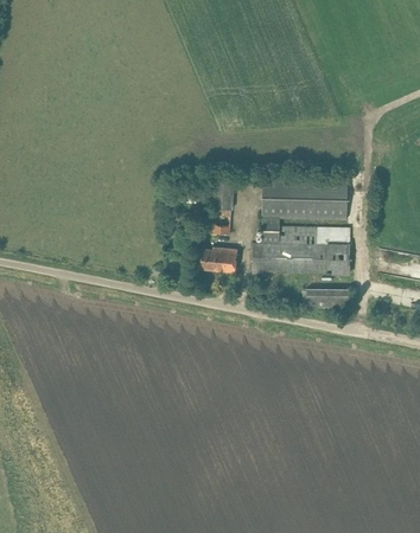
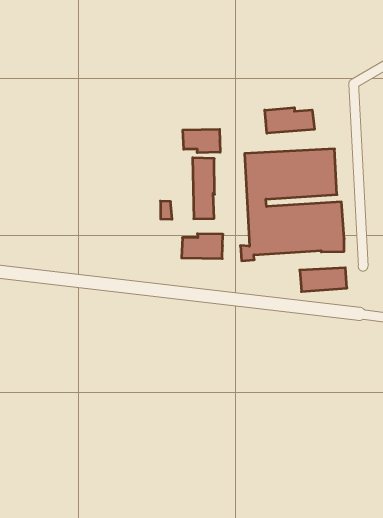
building: none -> [265,108,314,133]
building: none -> [183,129,220,153]

